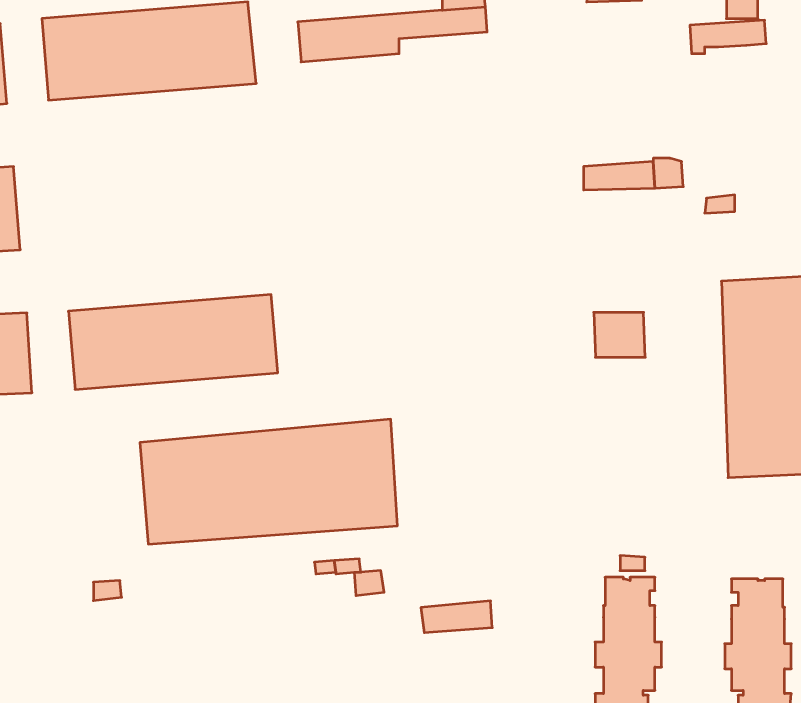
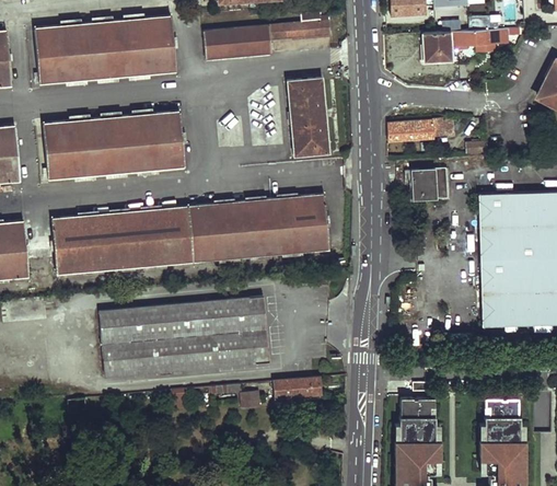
building: none -> [425,33,461,65]
building: none -> [288,82,326,159]
building: none -> [42,112,183,178]
building: none -> [187,198,327,262]
building: [594,312,645,357] -> [414,172,448,201]
building: [421,601,492,633] -> [274,378,321,398]

